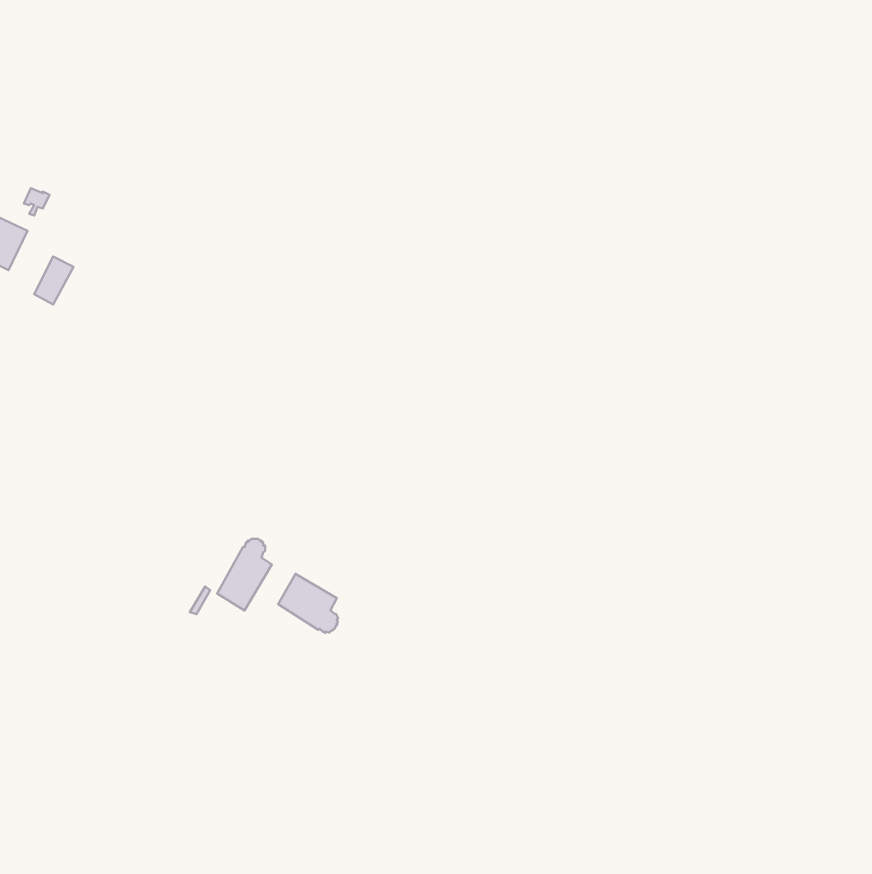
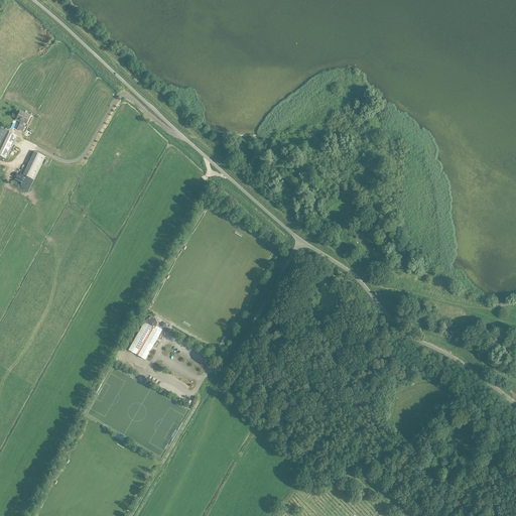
building: [278,574,338,633] -> none

